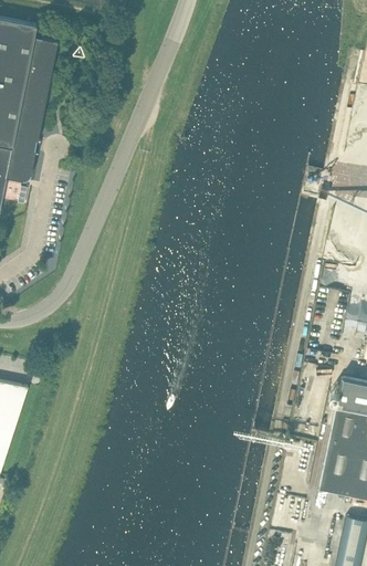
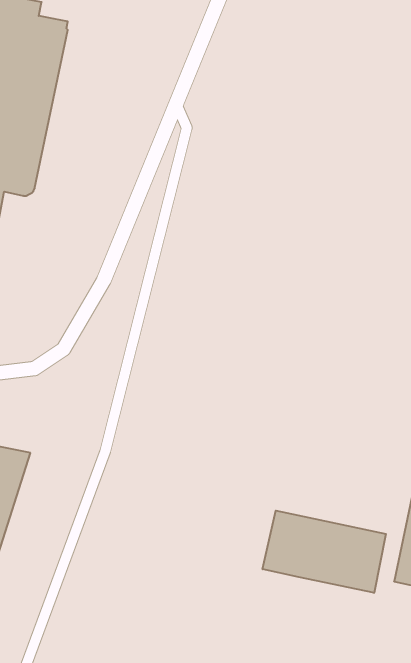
building: none -> [263,511,386,593]

